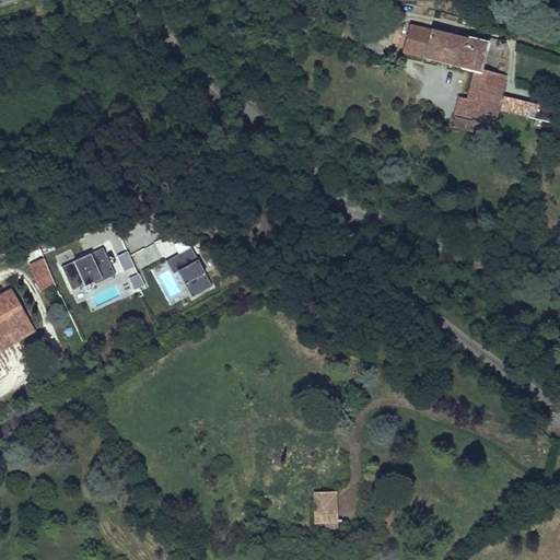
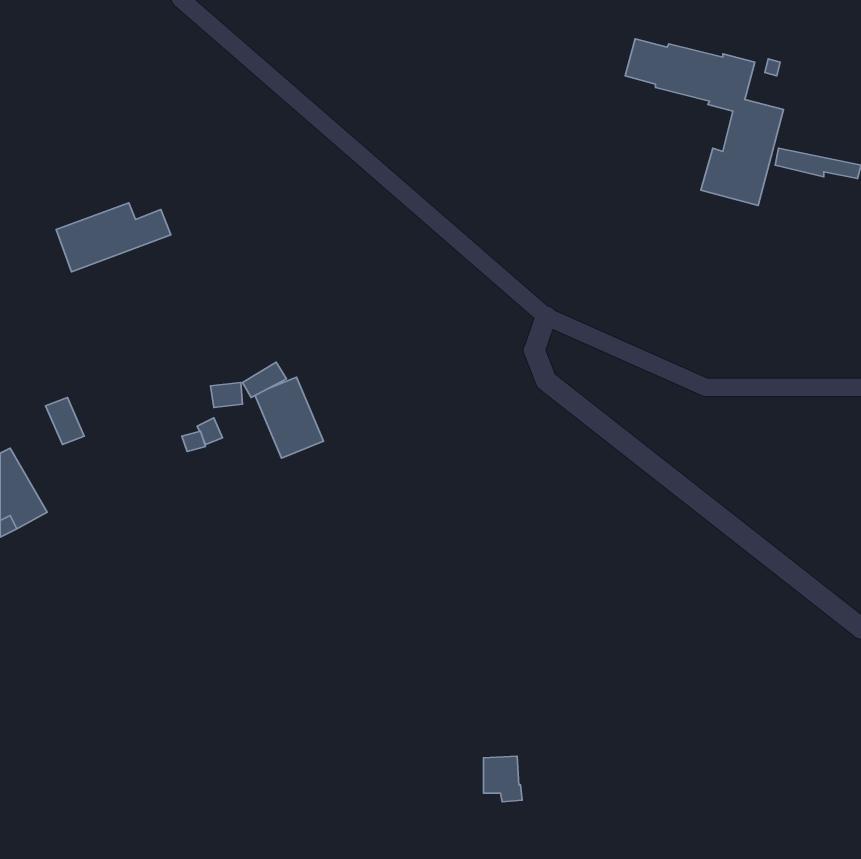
building: [59,244,133,289] -> [56,203,171,272]

